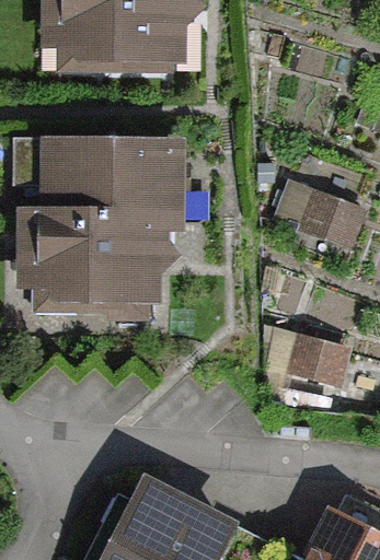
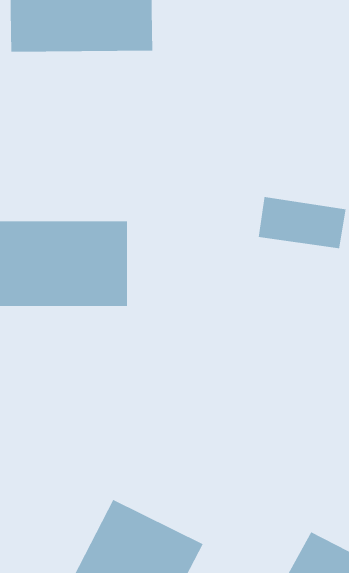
building: [50,142,176,215] -> none
building: [267,329,358,398] -> none

